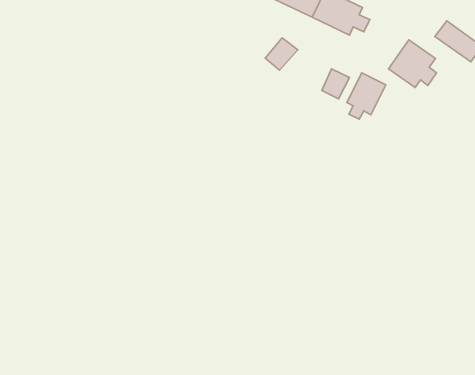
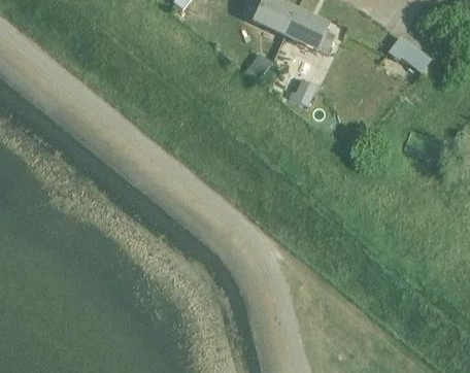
building: [388,40,437,87] -> none
building: [347,73,386,119] -> none

